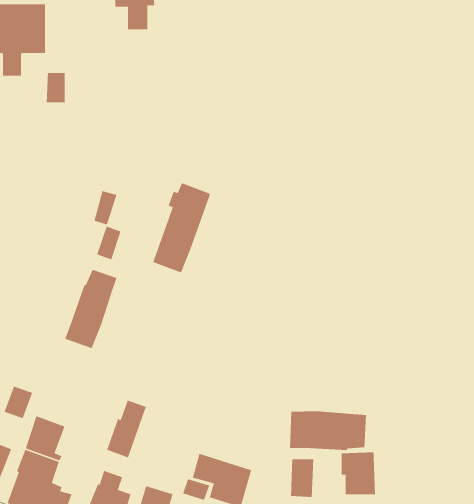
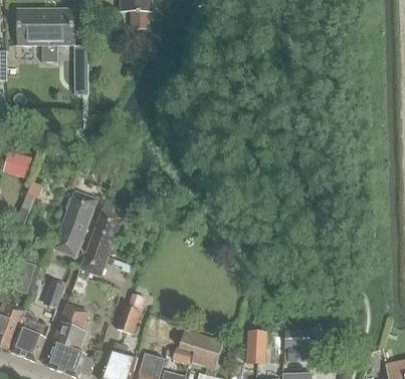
building: [152,182,211,274] -> [53,191,95,256]
building: none -> [76,248,115,278]
building: [289,411,367,451] -> none

